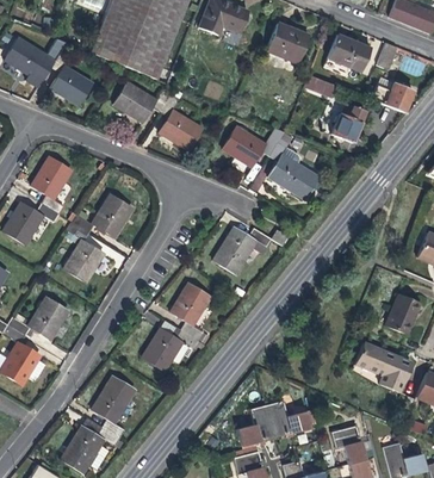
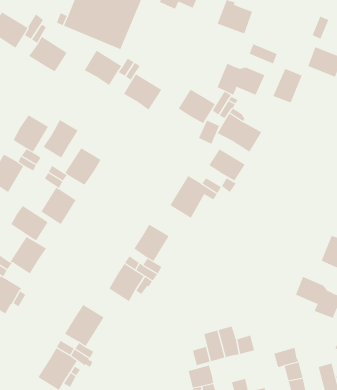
building: [324,33,371,72] -> none
building: none -> [217,63,265,96]
building: none -> [43,119,78,158]
building: none -> [208,149,245,181]
building: none -> [11,205,48,241]

